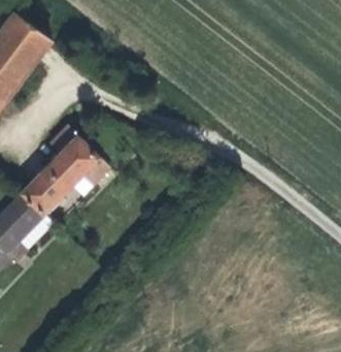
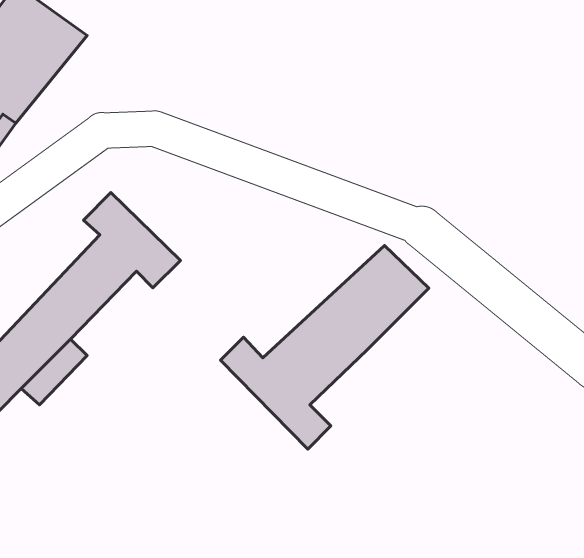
building: none -> [221,246,429,449]

